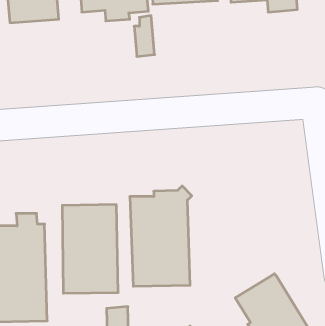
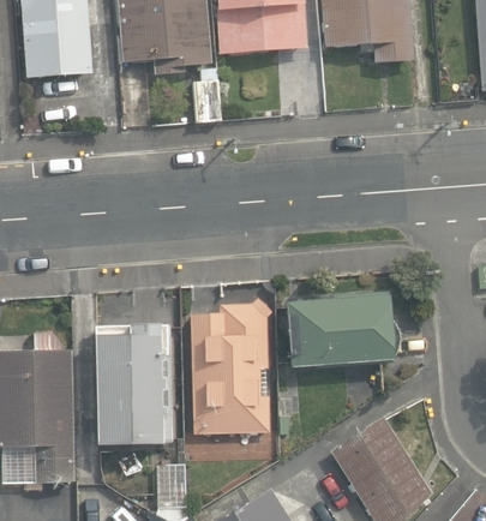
building: none -> [283,295,392,367]

